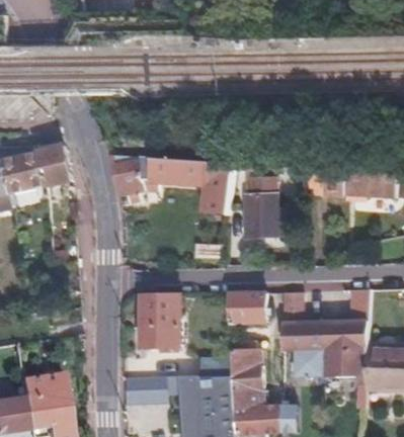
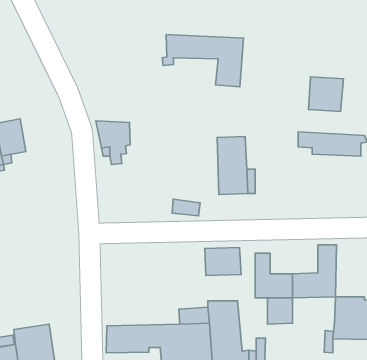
building: none -> [309,77,343,111]
building: [25,148,65,189] -> none
building: [140,158,228,214] -> [162,35,243,87]
building: [137,295,179,349] -> none
building: [321,347,368,375] -> none

